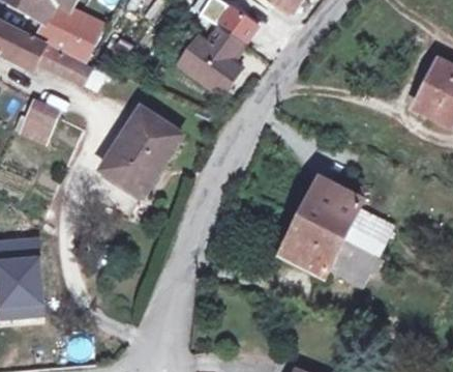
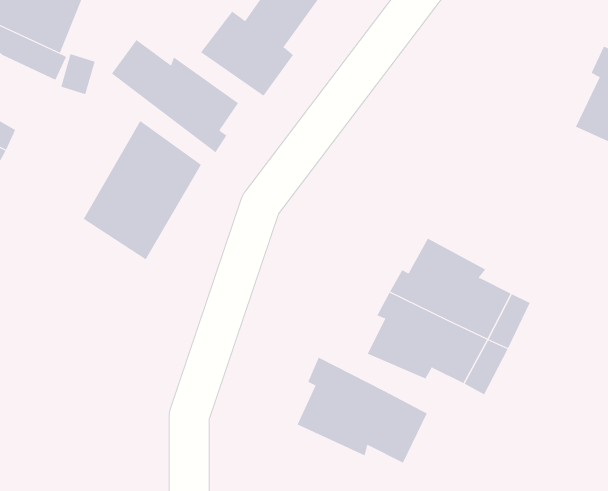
building: none -> [111,39,239,153]
building: none -> [297,357,428,463]

